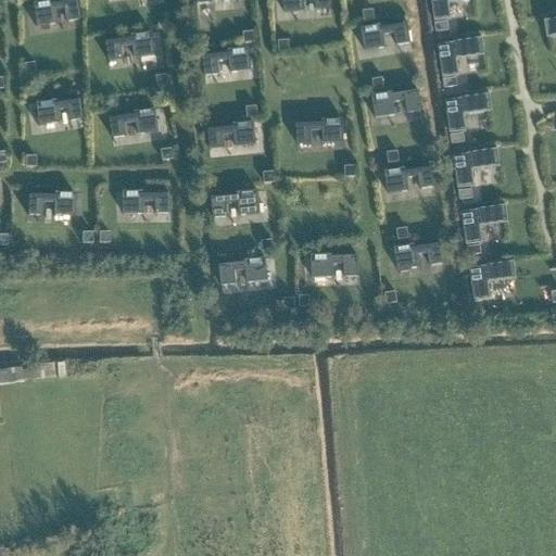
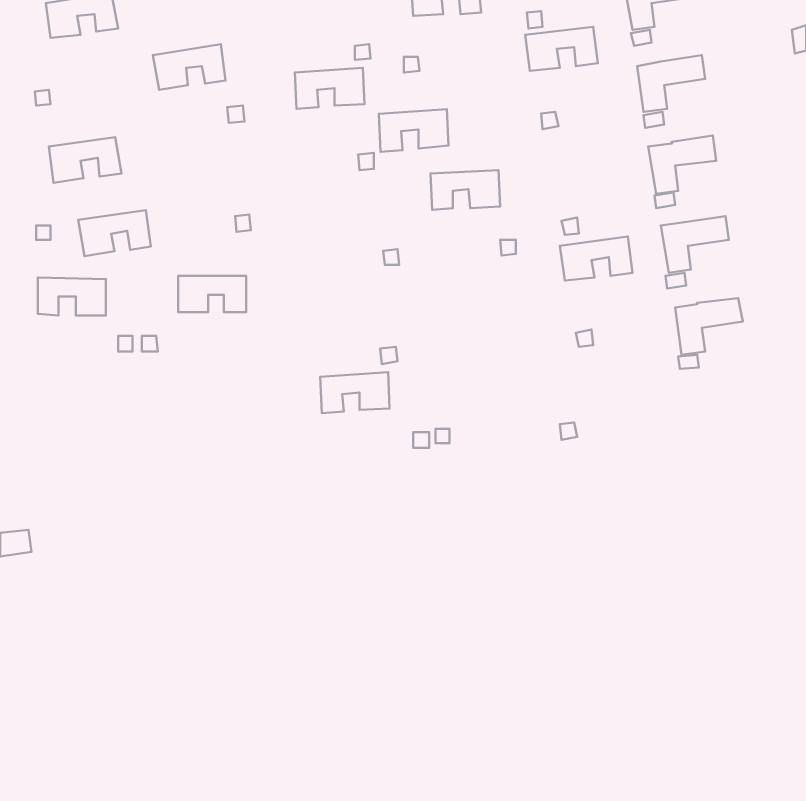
building: [372,87,422,117] -> none
building: [109,109,159,140] -> [78,210,151,256]
building: [208,119,256,149] -> [379,109,448,152]
building: [212,189,261,217] -> none
building: [395,240,445,271] -> none
building: [312,253,359,280] -> none
building: [470,261,517,301] -> none

